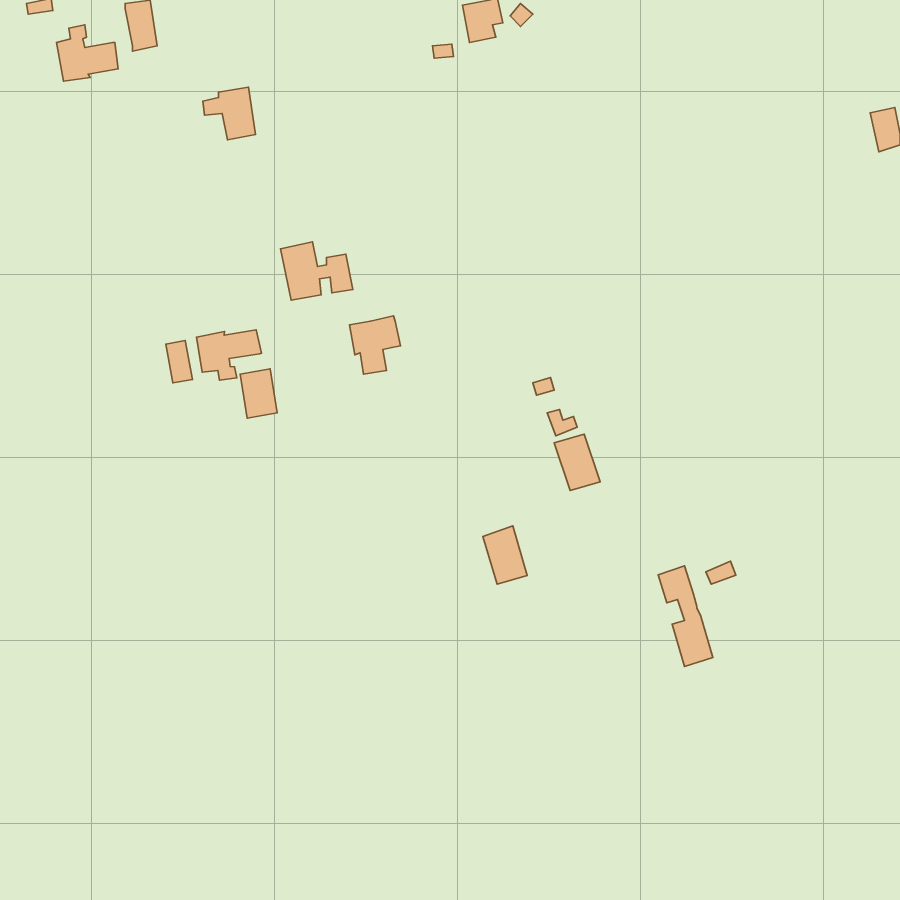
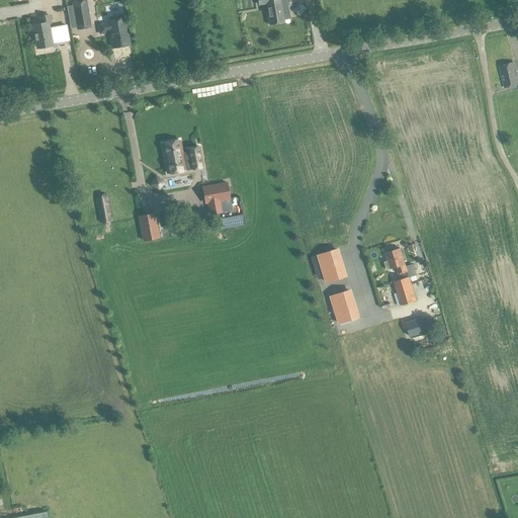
building: [203,87,256,140] -> [98,16,128,47]
building: [197,330,261,380] -> none
building: [483,526,527,584] -> [331,289,356,323]
building: [658,566,713,666] -> [384,247,416,305]

